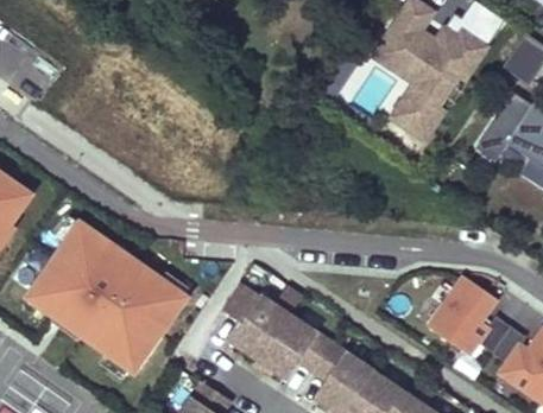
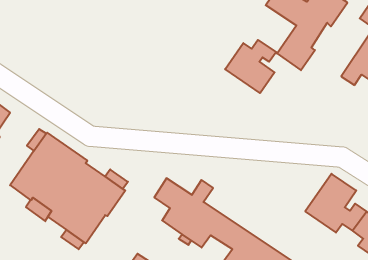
building: none -> [225,40,276,93]

